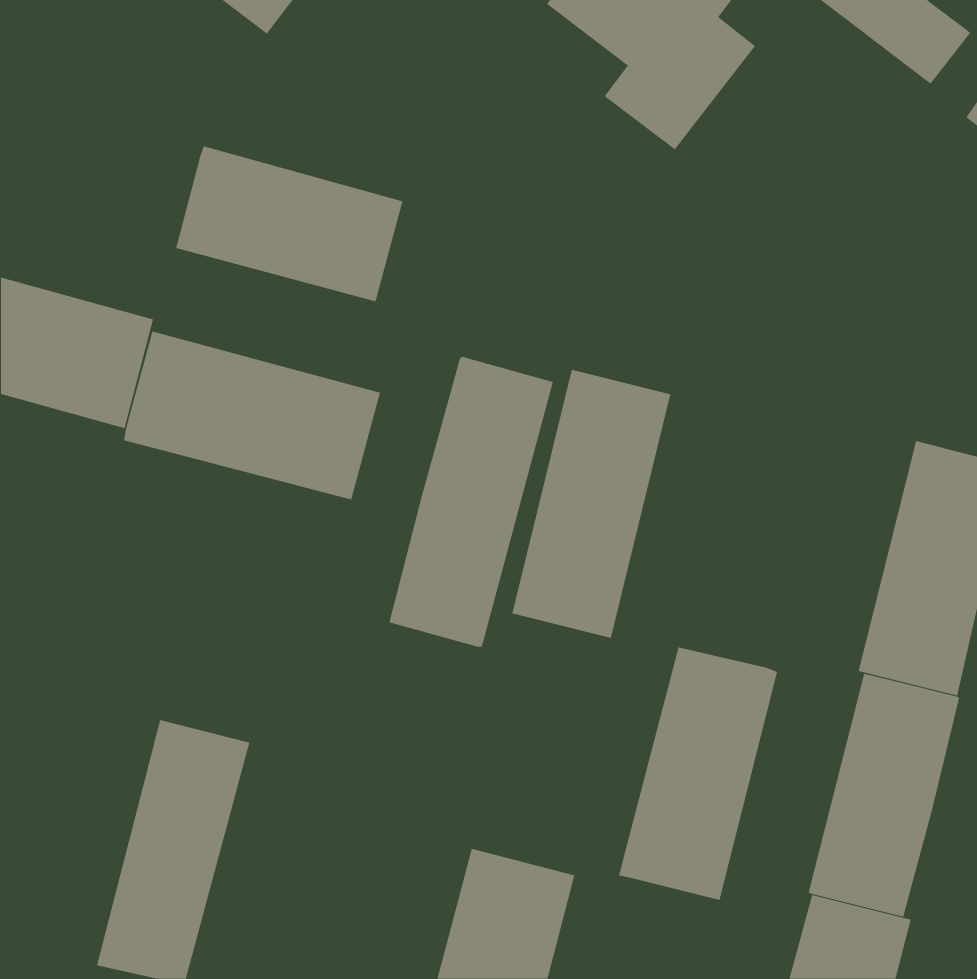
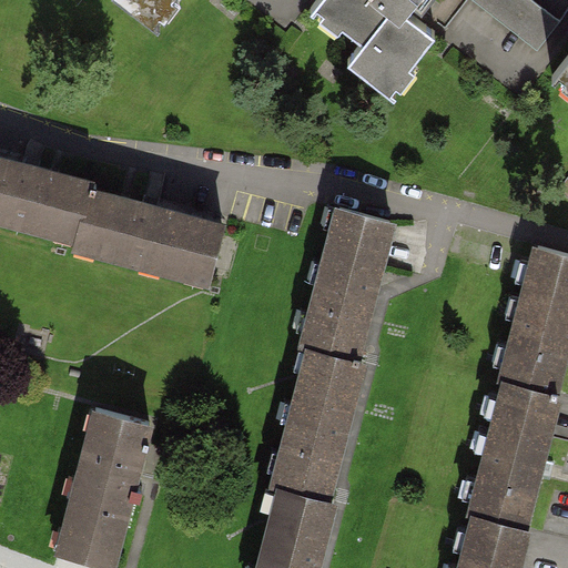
building: [175,146,403,302] -> none
building: [389,356,553,647] -> none
building: [618,647,778,901] -> [270,356,362,503]

